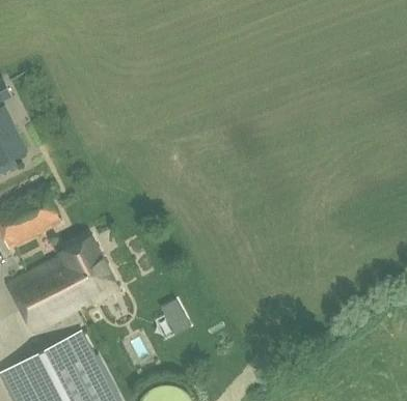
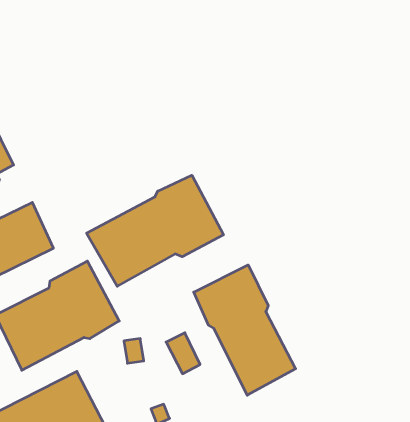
building: none -> [87,175,223,286]
building: none -> [194,265,296,395]

